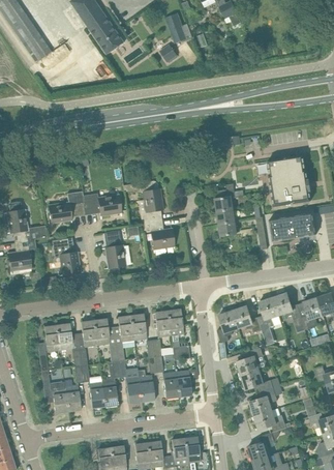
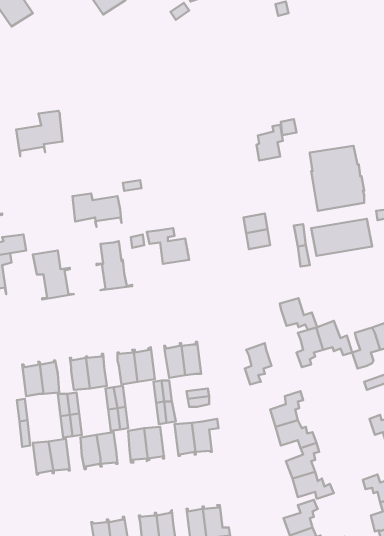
building: [140,180,166,223] -> none
building: [214,183,235,211] -> [256,125,283,161]
building: [49,190,85,226] -> [16,111,62,156]
building: [233,305,262,330] -> [280,298,317,330]

